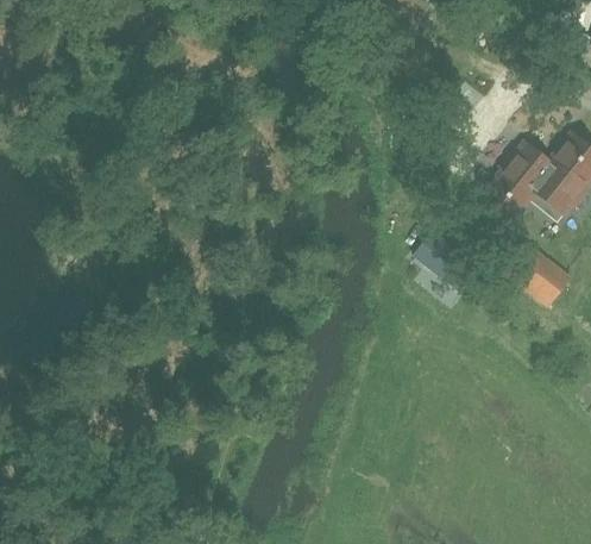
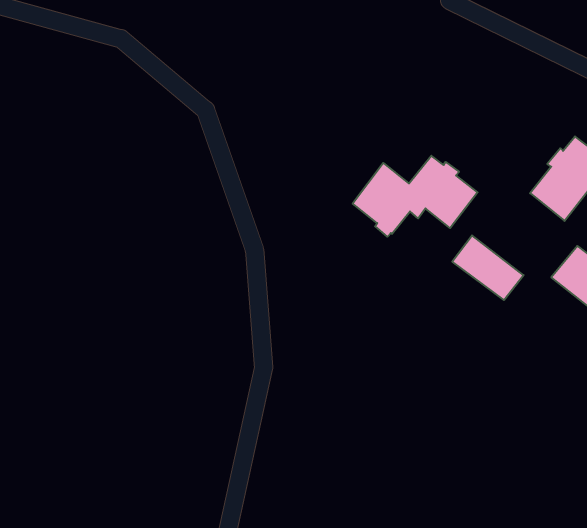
building: none -> [353,156,478,237]

